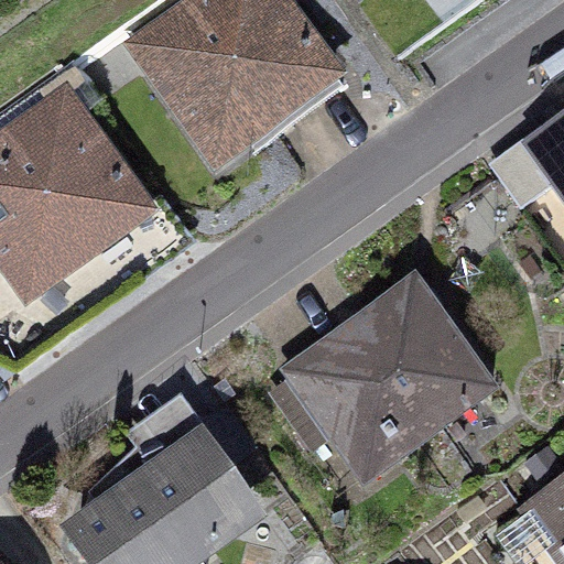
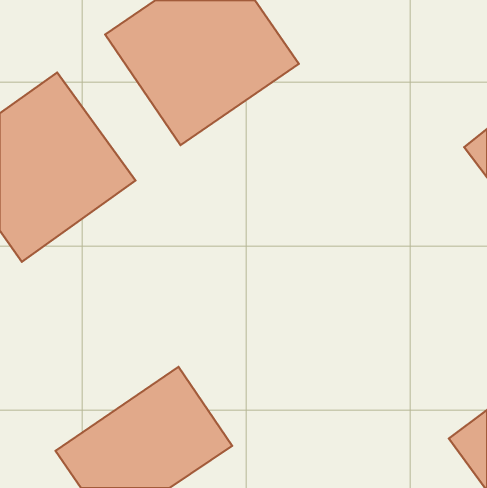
building: [281,272,498,485] -> none

